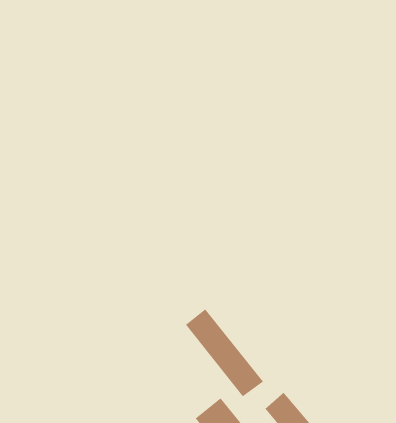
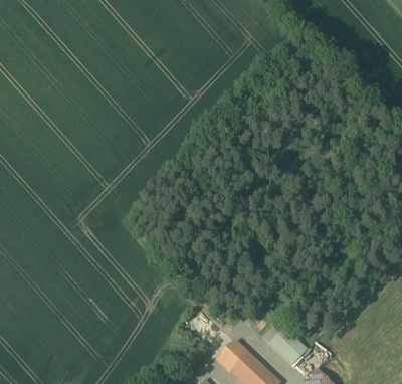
building: [185,308,264,397] -> none

